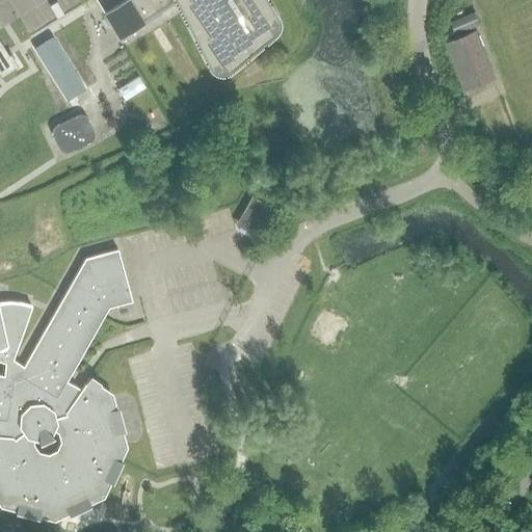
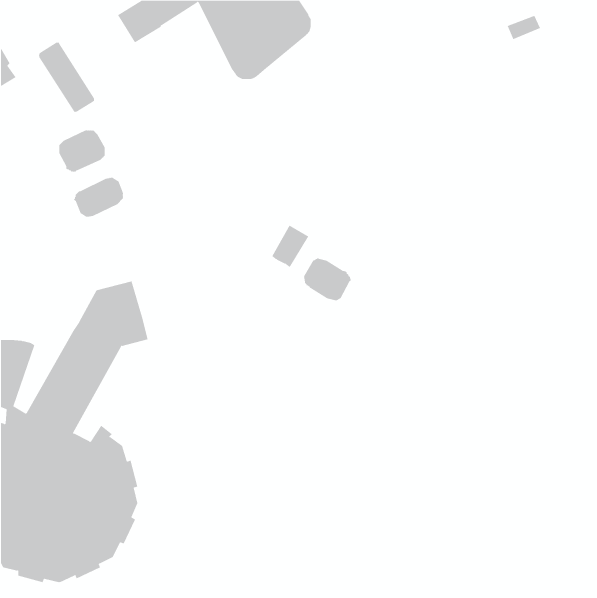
building: [450,32,494,89] -> none
building: none -> [74,177,124,218]
building: none -> [304,258,351,301]

